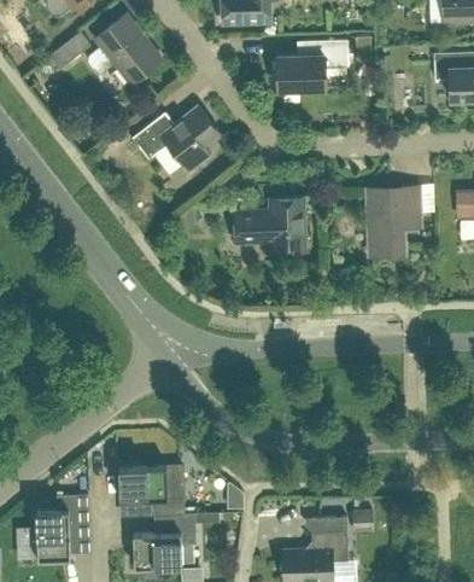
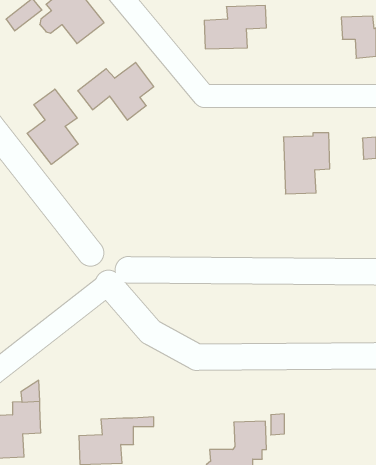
building: none -> [27,89,78,164]
building: [233,197,305,252] -> none
building: [118,466,183,516] -> none

